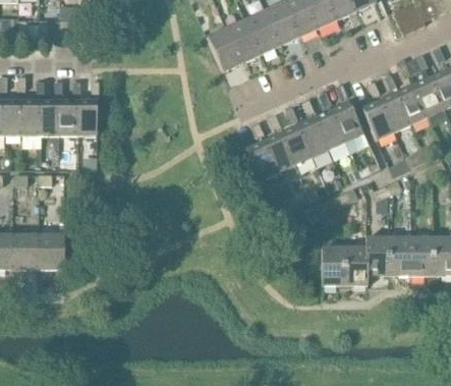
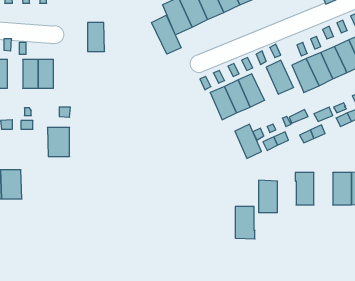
building: none -> [152,15,181,54]
building: [21,101,40,135] -> none
building: [76,101,97,135] -> [88,23,105,51]
building: [314,110,345,150] -> none
building: [246,141,278,181] -> [235,124,261,158]
building: [38,233,64,268] -> [47,127,70,156]
building: [388,236,410,275] -> none
building: [344,246,368,285] -> [235,207,255,239]

